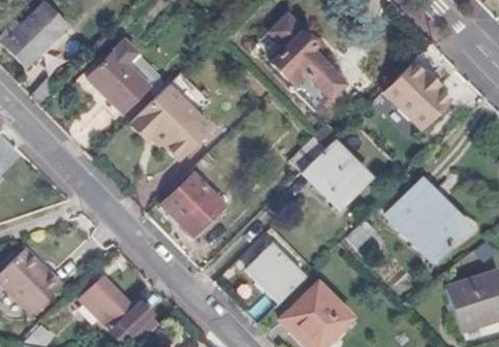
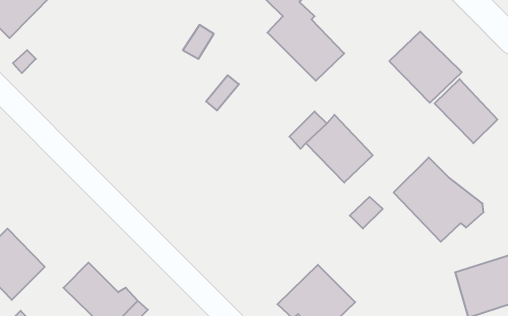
building: [86,40,147,113] -> none
building: [131,73,210,157] -> none
building: none -> [435,79,497,143]
building: [164,172,227,233] -> none
building: [248,242,308,302] -> none

